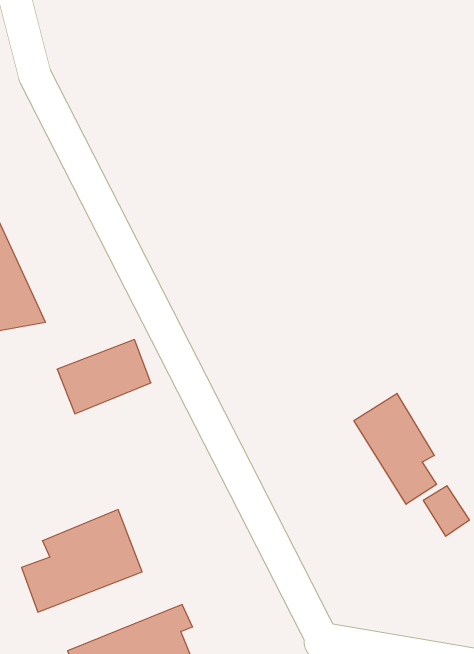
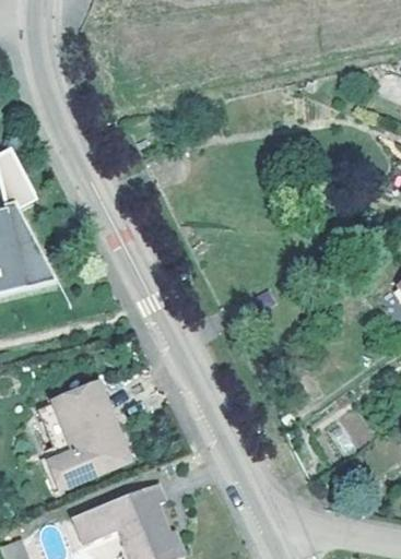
building: [57,340,151,414] -> [44,386,113,441]
building: [354,393,437,504] -> none

